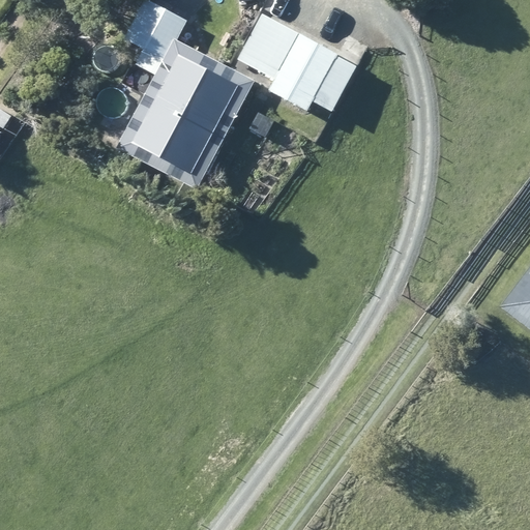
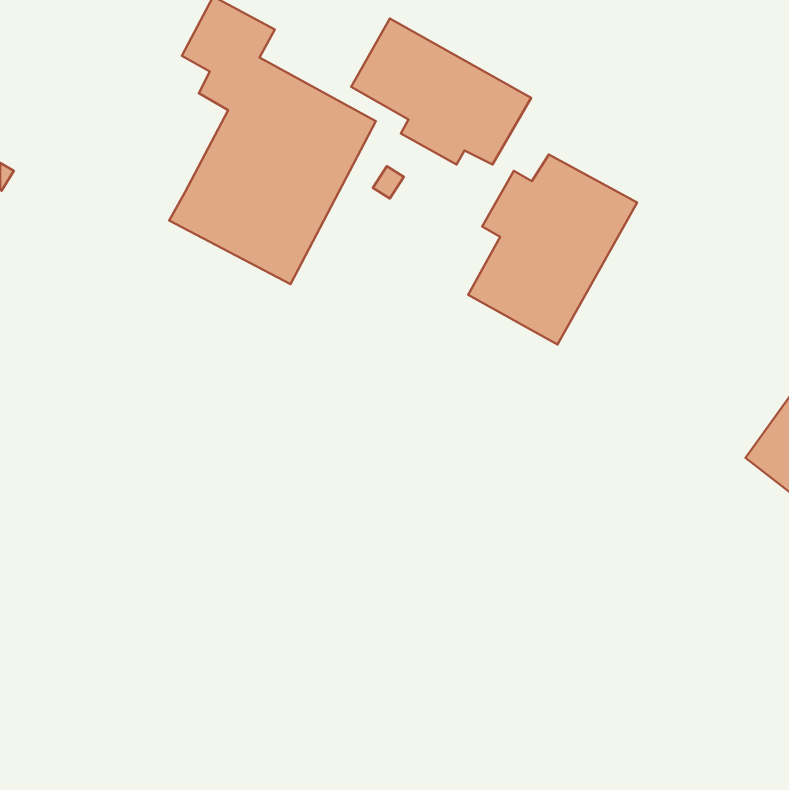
building: none -> [468,155,637,344]

